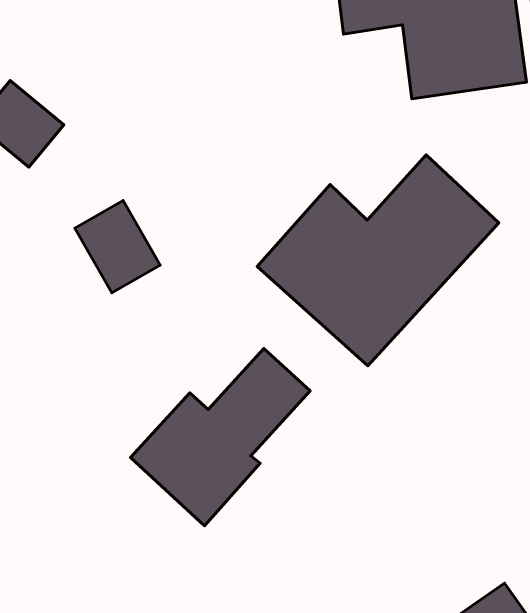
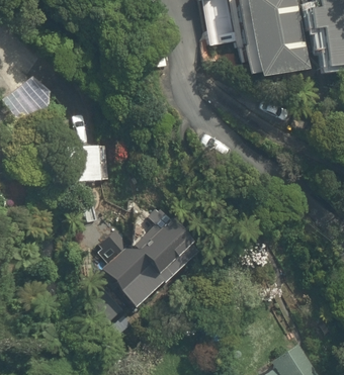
building: [257,155,499,366] -> none

